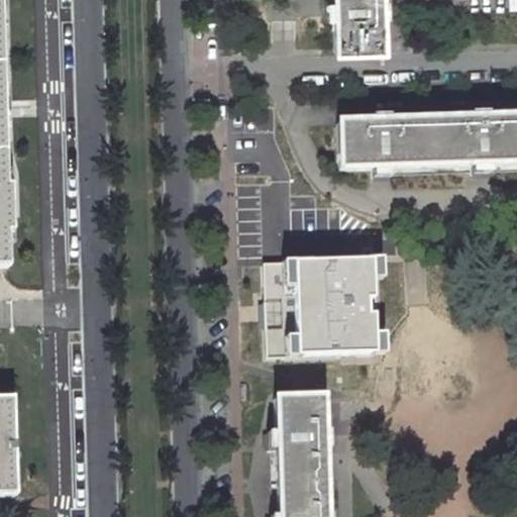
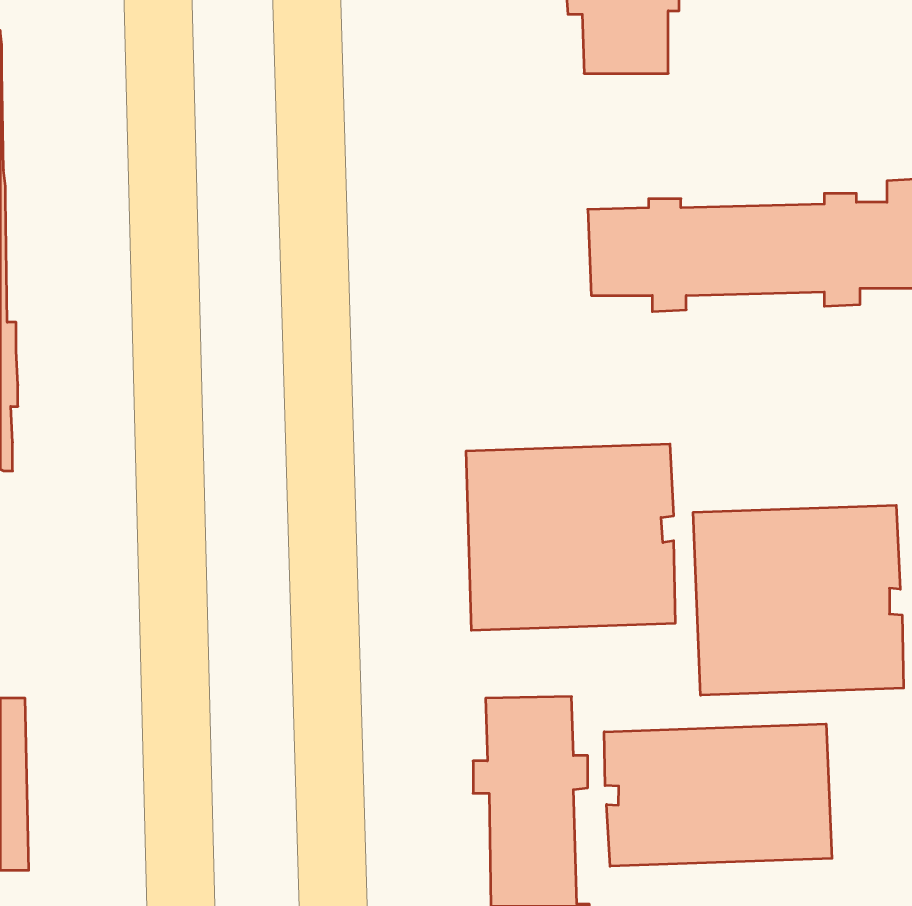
building: none -> [693,505,904,695]
building: none -> [604,724,832,866]

